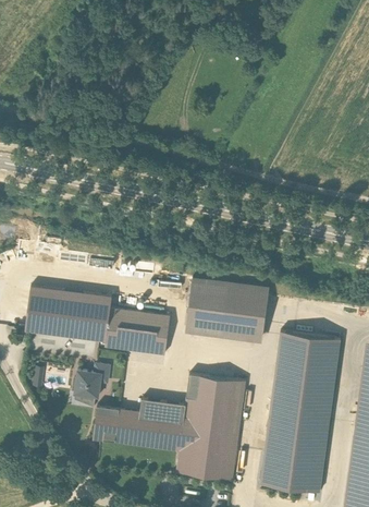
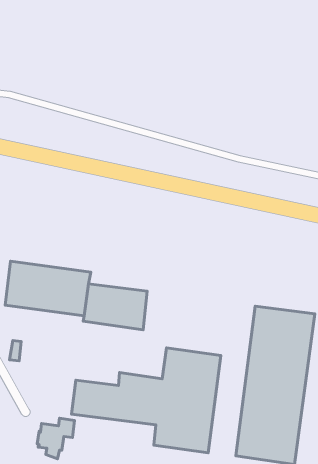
building: [185,277,269,343] -> none
building: [73,365,111,407] -> [37,418,74,459]

